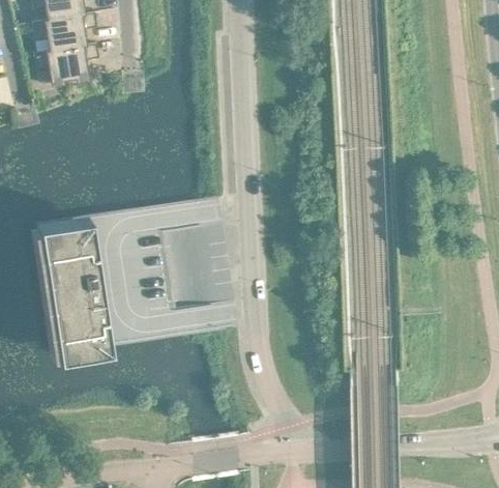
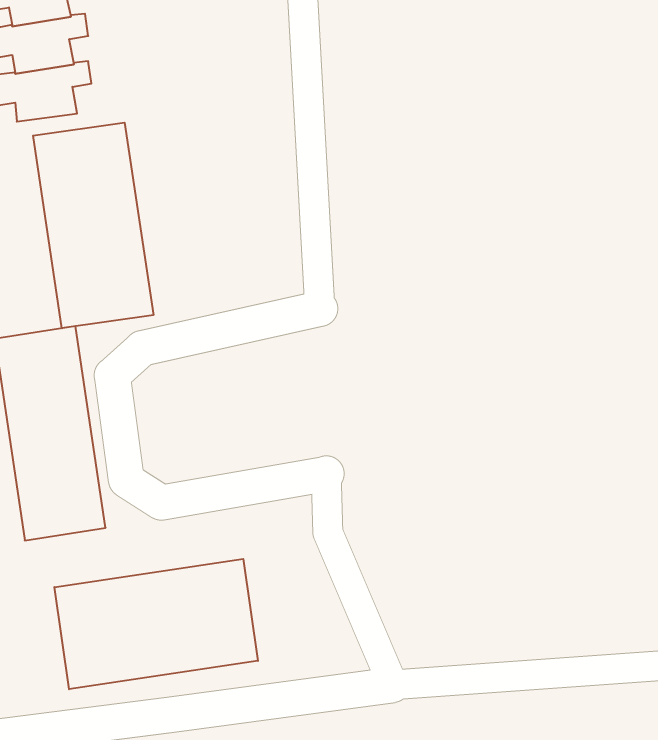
building: none -> [33,123,153,328]
building: none -> [54,559,258,689]

